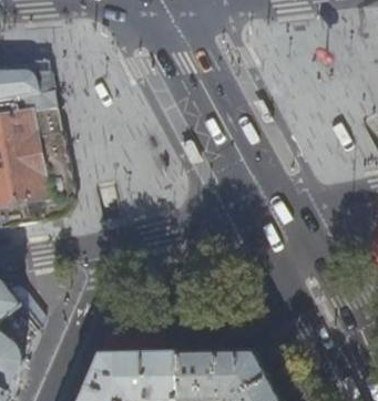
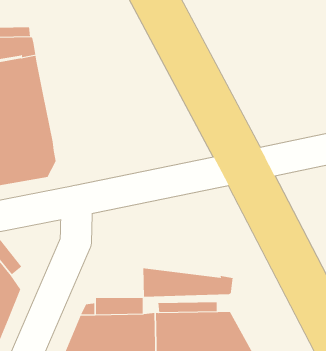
building: none -> [143,267,233,298]

